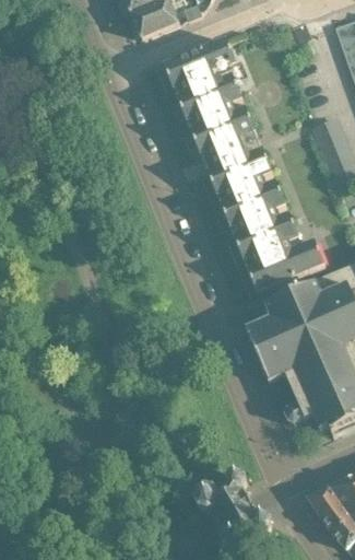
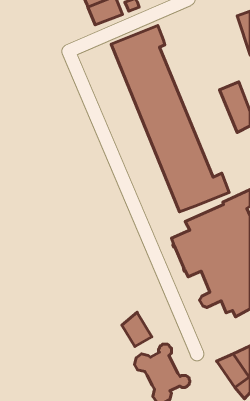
building: none -> [122,312,152,347]

